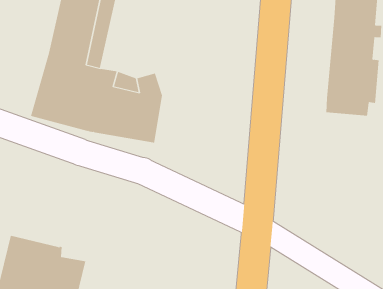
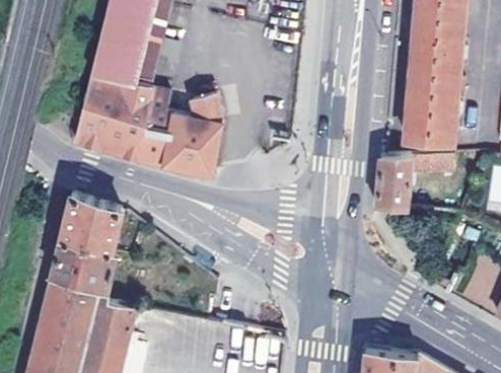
building: none -> [375,154,454,210]
building: none -> [50,197,119,291]

